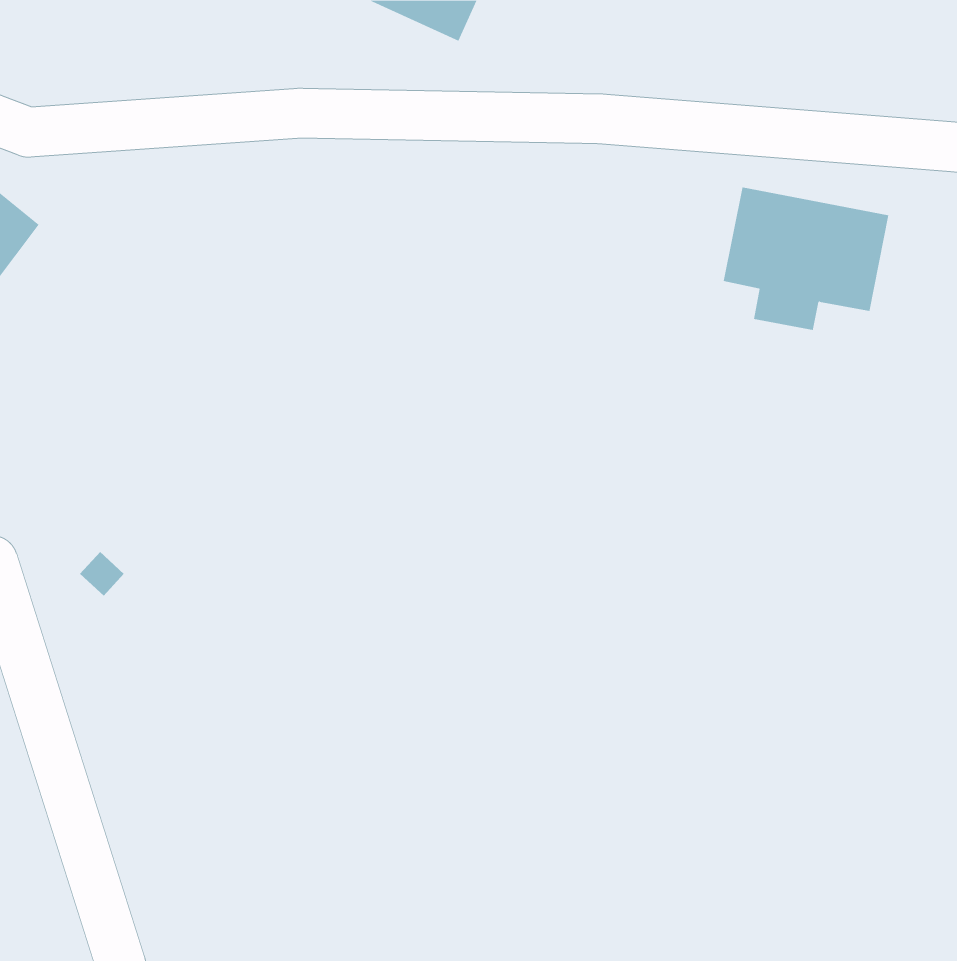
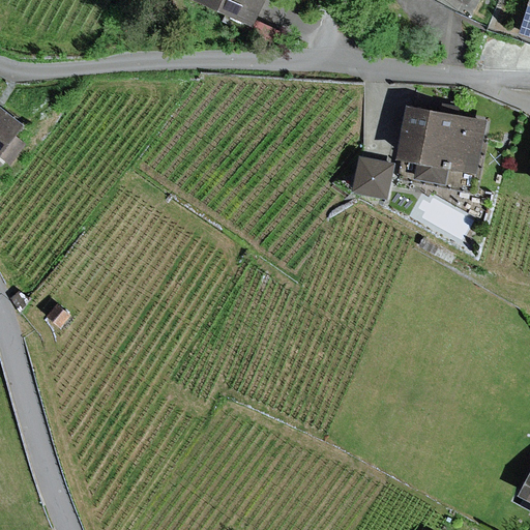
building: none -> [351,157,393,199]

